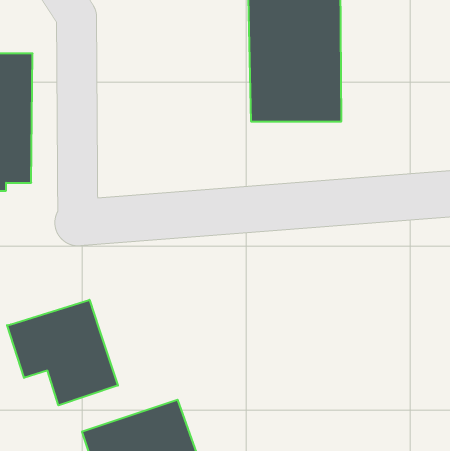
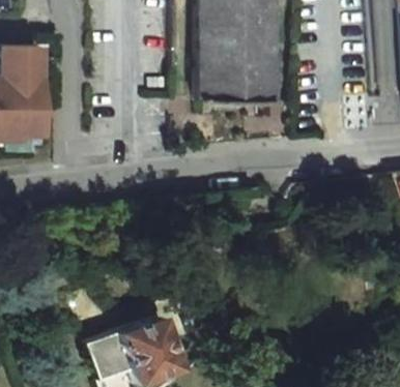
building: [7,300,118,405] -> none

